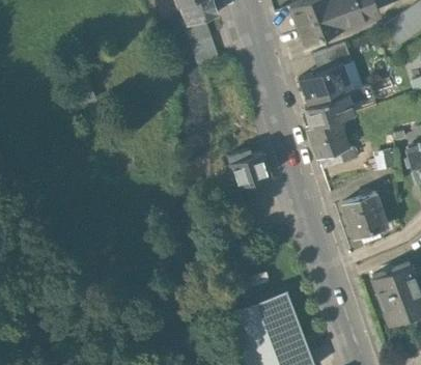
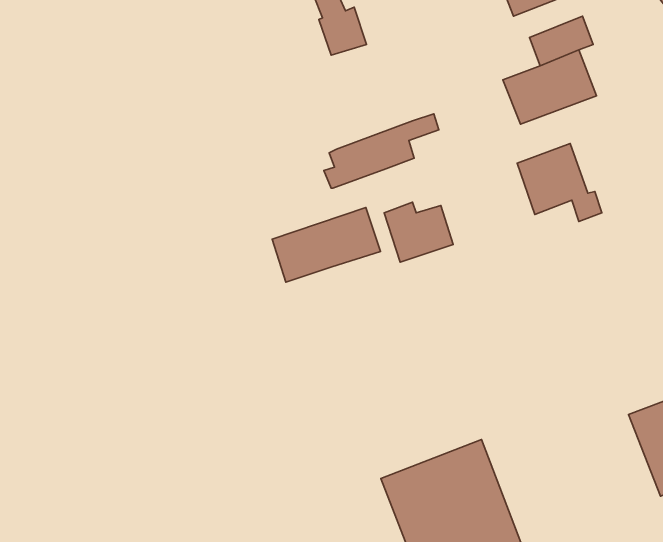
building: [302,88,369,132] -> [324,114,439,188]
building: none -> [272,207,381,282]
building: [342,194,388,240] -> none

